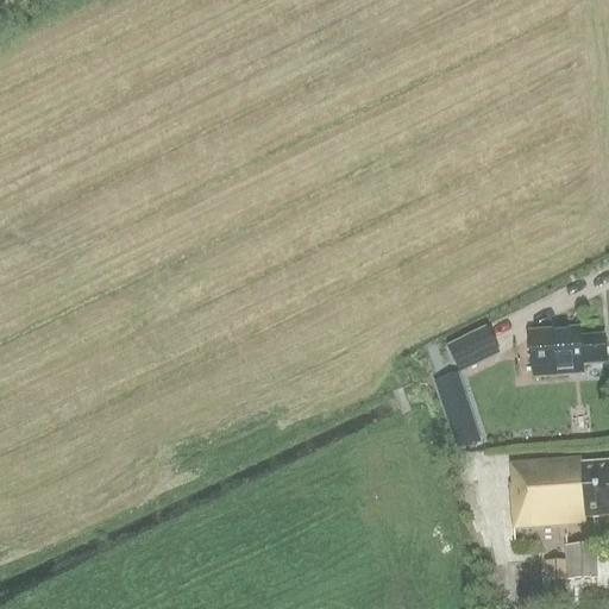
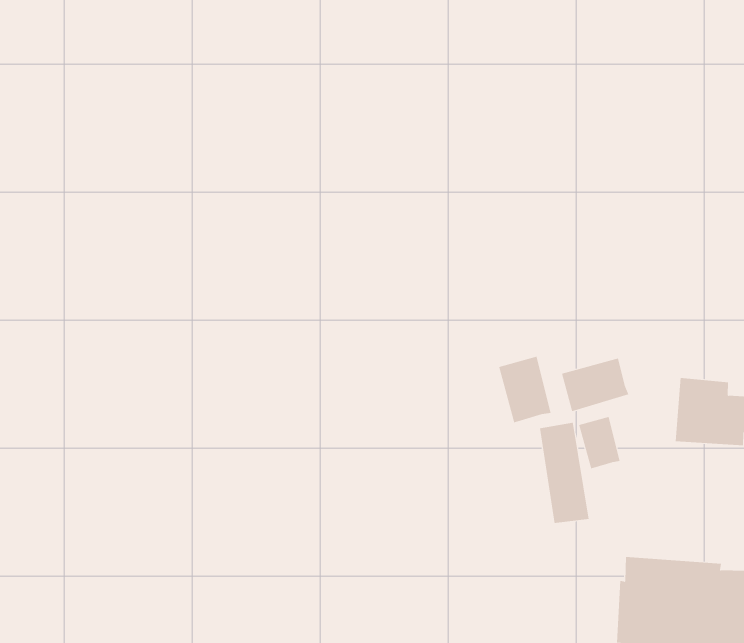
building: none -> [498,356,551,423]
building: none -> [578,416,620,469]

